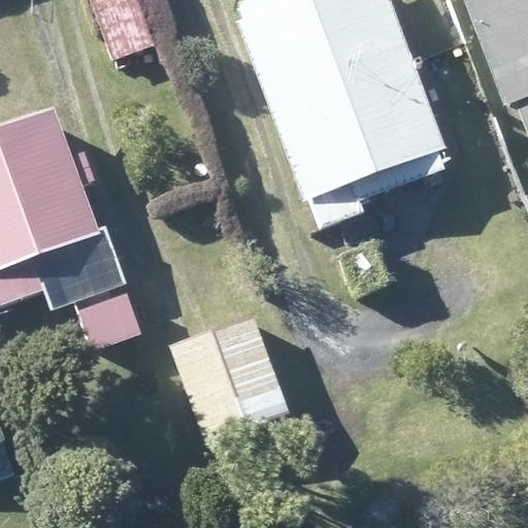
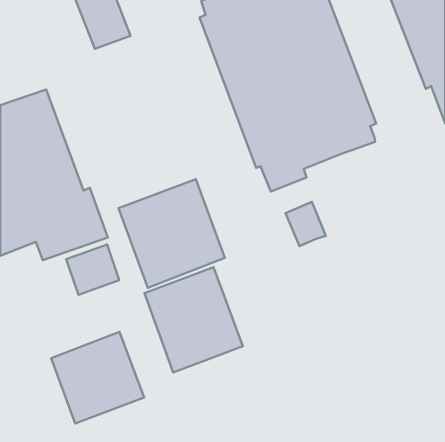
building: none -> [118,179,225,288]
building: none -> [51,332,144,423]

